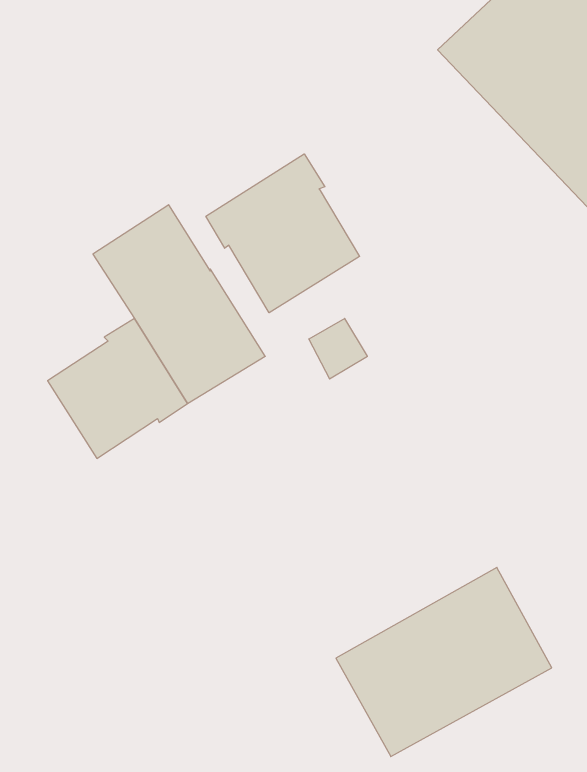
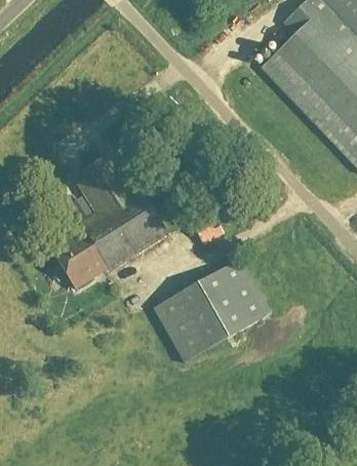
building: [206,154,360,313] -> none
building: [336,567,552,757] -> [156,258,273,360]

